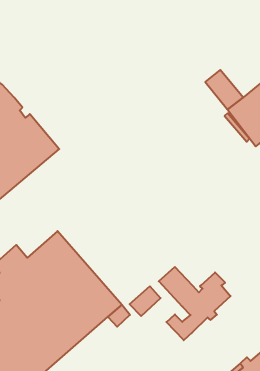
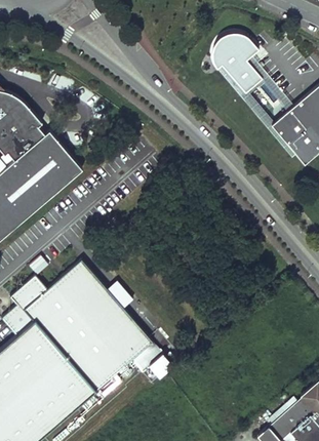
building: none -> [211,33,263,92]
building: [159,267,231,340] -> none
building: [130,286,161,316] -> none

